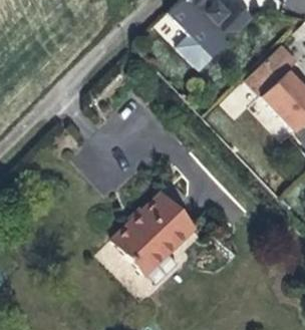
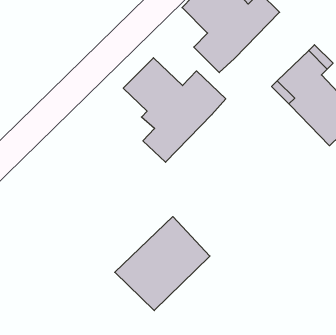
building: none -> [123,58,226,162]

